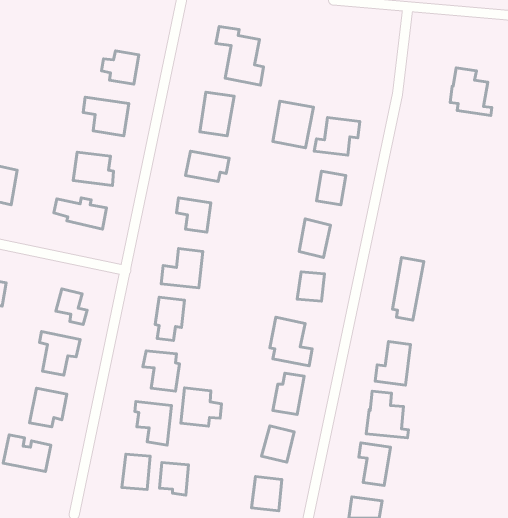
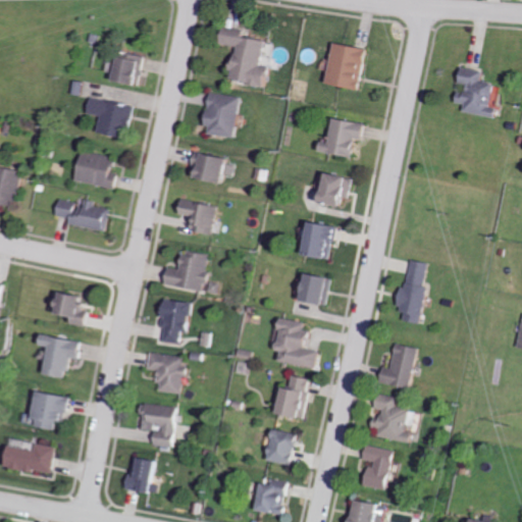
building: [273,101,313,148] -> [323,42,364,89]
building: [181,388,222,426] -> none
building: [159,463,188,495] -> none

